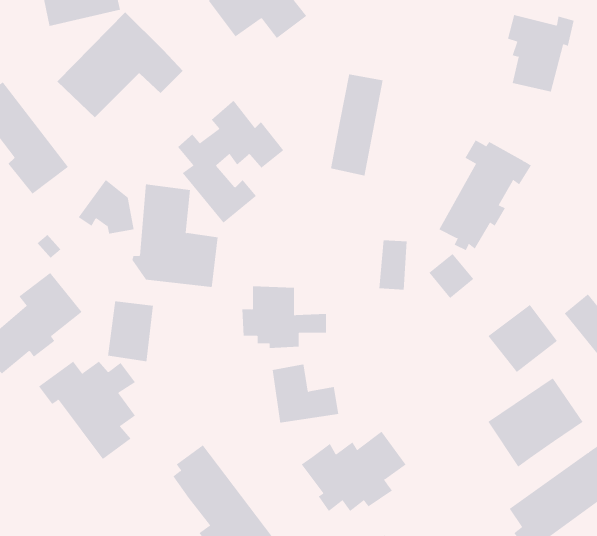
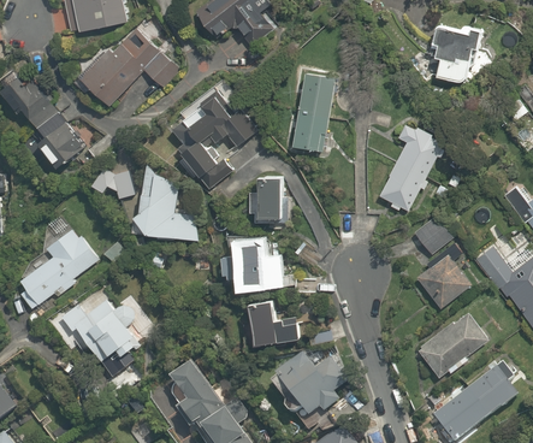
building: [378,240,407,290] -> [257,178,280,218]
building: [428,253,474,299] -> [413,217,449,253]
building: [107,301,154,362] -> none

